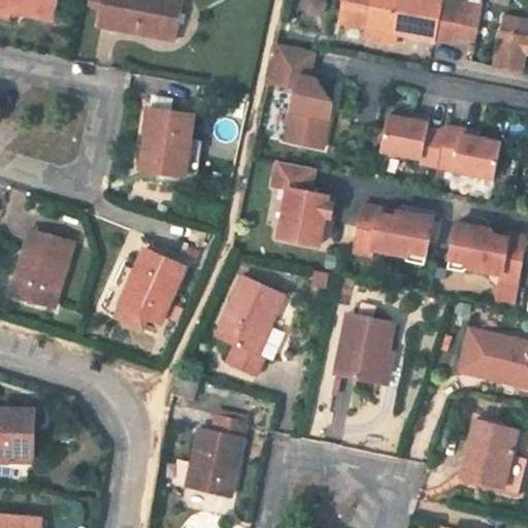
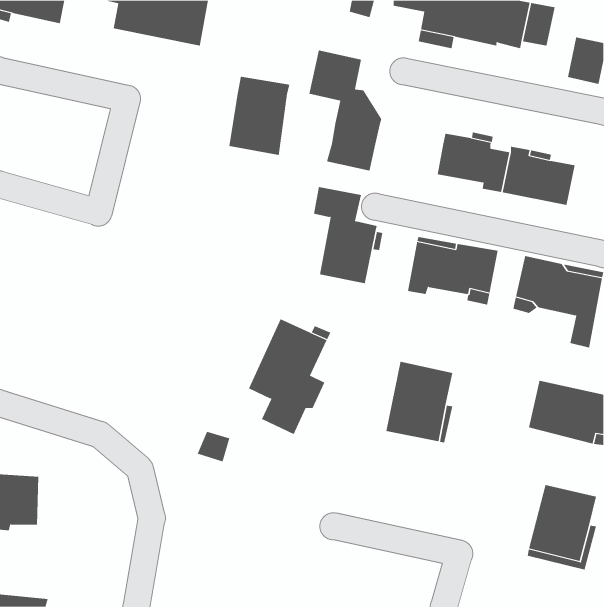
building: [139,109,193,178] -> [228,76,290,156]
building: [9,231,73,309] -> none
building: [113,250,185,330] -> none
building: [187,417,245,496] -> none

